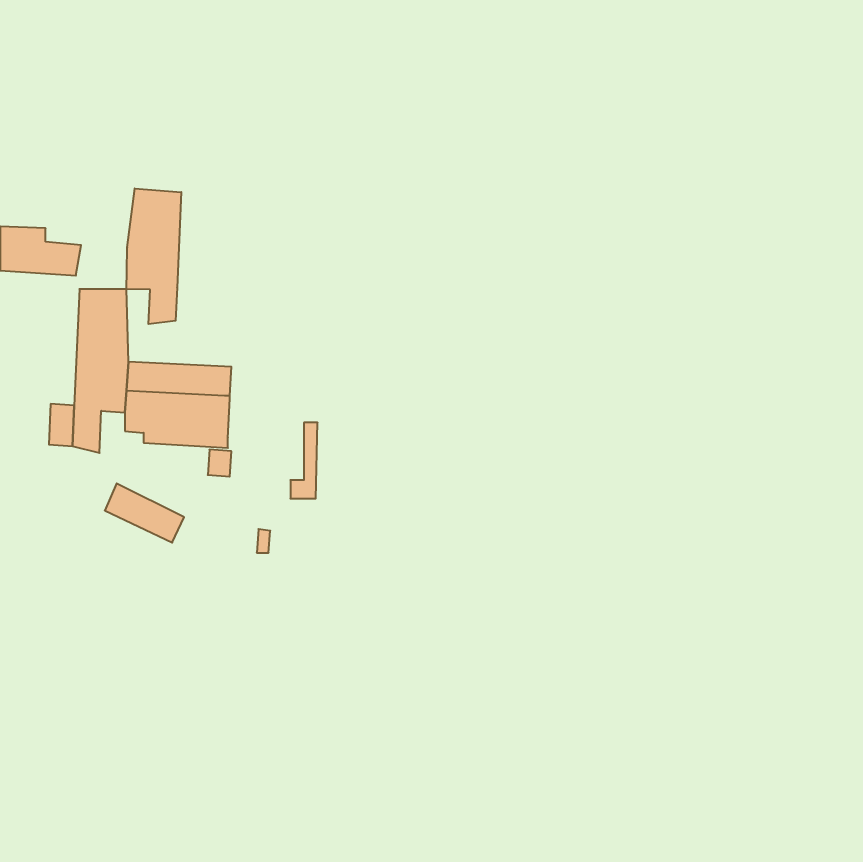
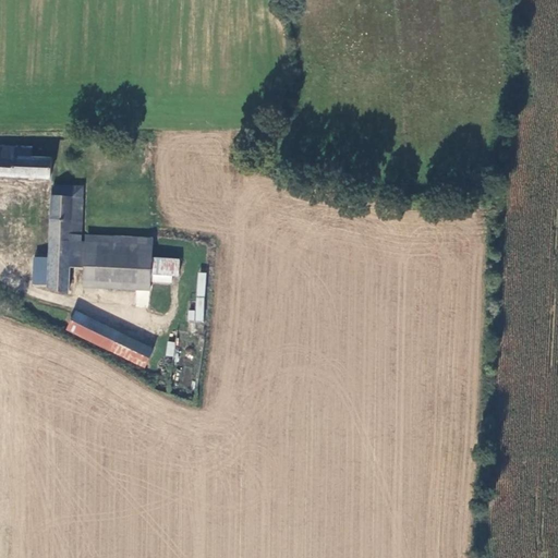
building: [127,188,181,324] -> none
building: none -> [147,258,181,283]
building: none -> [111,335,153,367]

